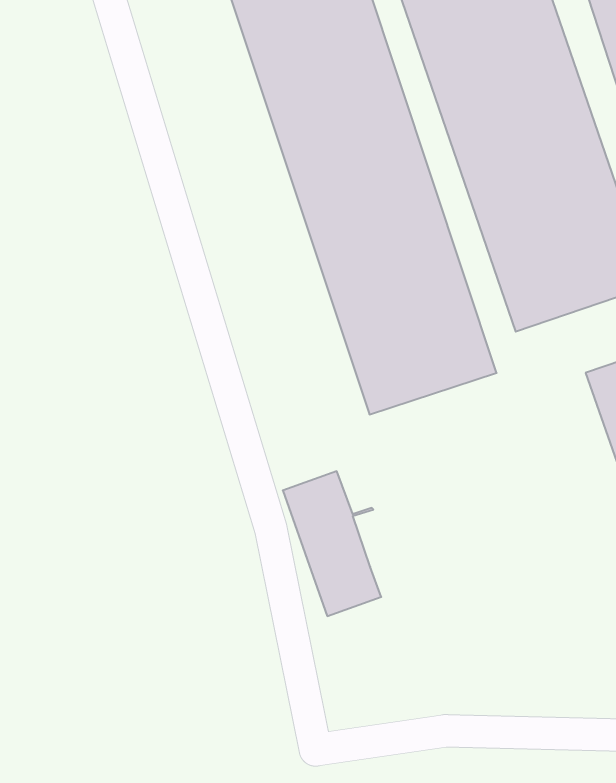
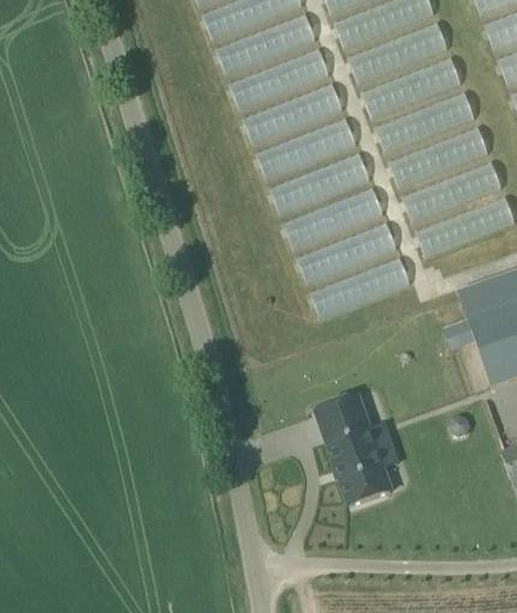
building: [283,471,381,616] -> [328,390,402,499]

